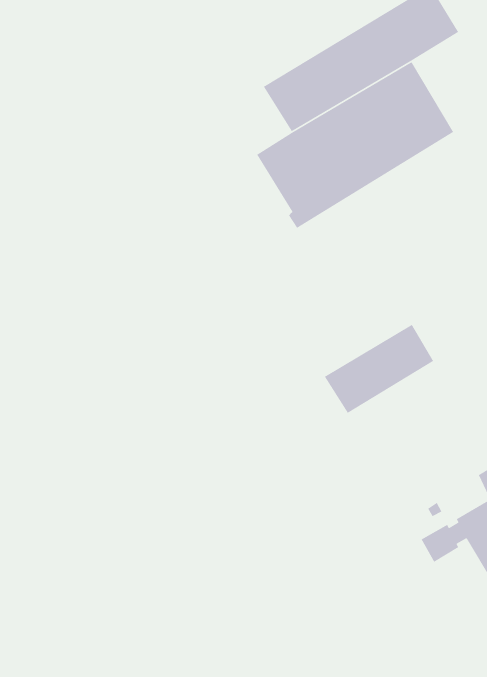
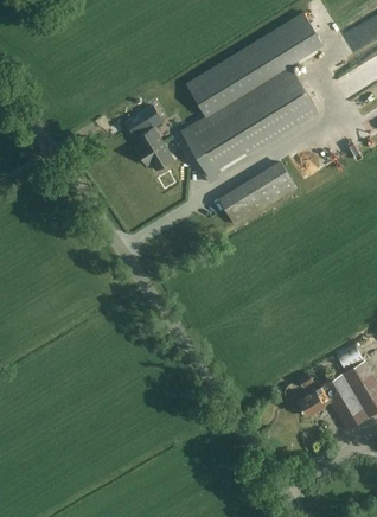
building: none -> [124,107,172,171]
building: [324,324,434,414] -> [217,160,294,223]

